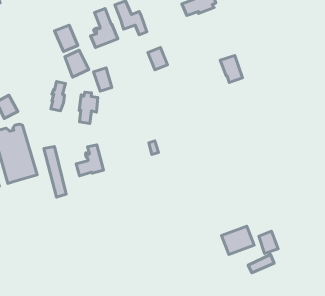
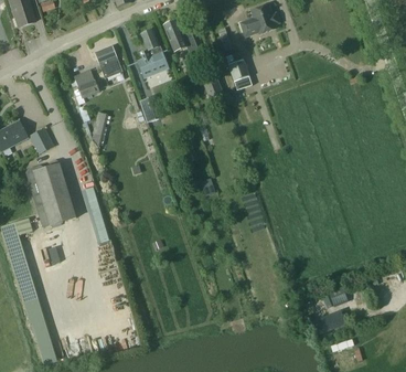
building: [65,50,89,77] -> [74,68,101,99]
building: [220,55,243,83] -> [227,59,253,89]
building: [79,92,98,124] -> none
building: [76,145,103,176] -> none
building: [221,226,254,254] -> none

